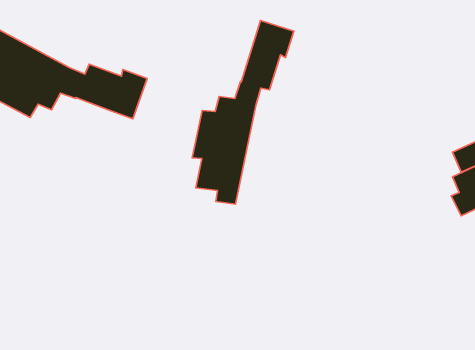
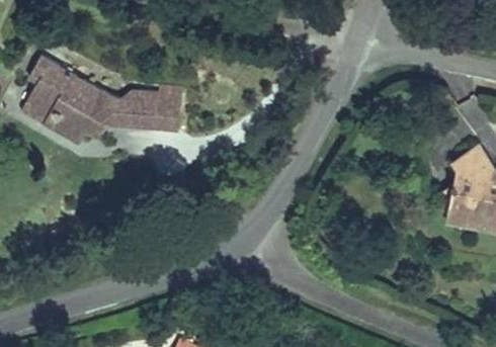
building: [192,21,294,204] -> none

